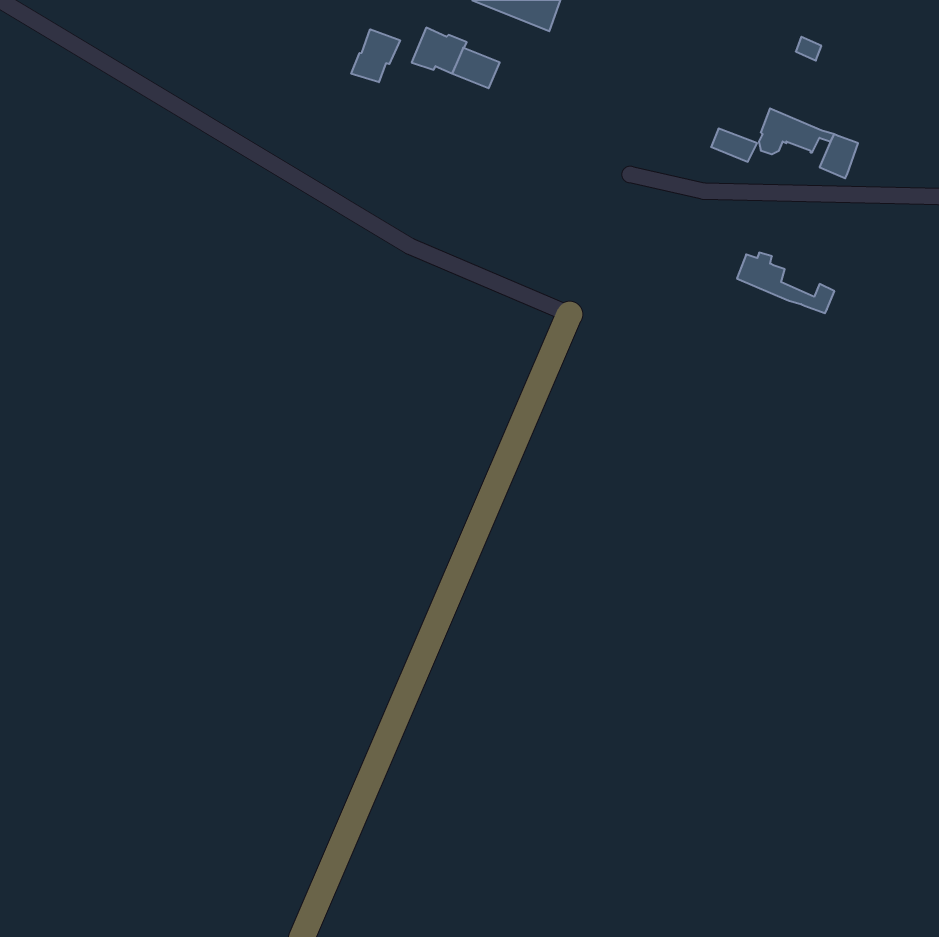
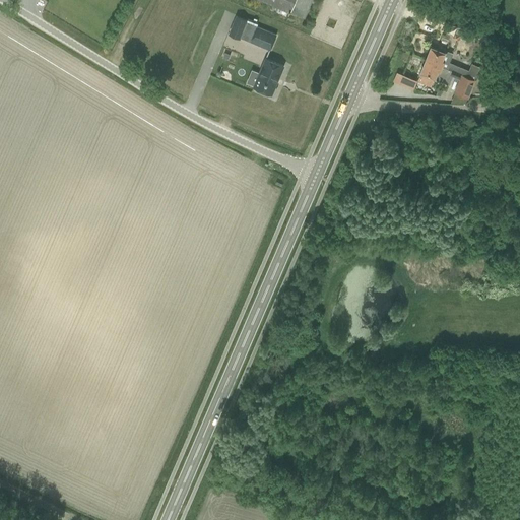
building: [351,29,400,82] -> none
building: none -> [246,60,283,95]
building: [737,253,834,313] -> [426,47,479,80]

